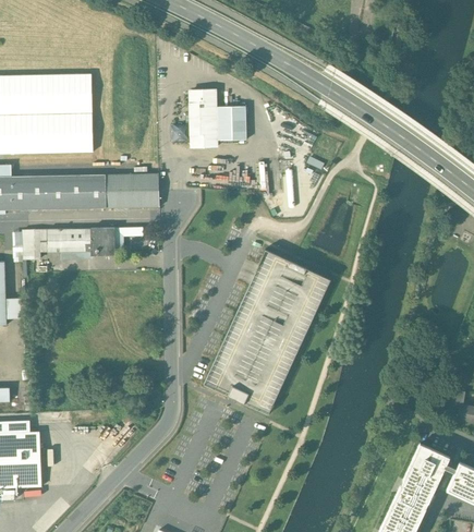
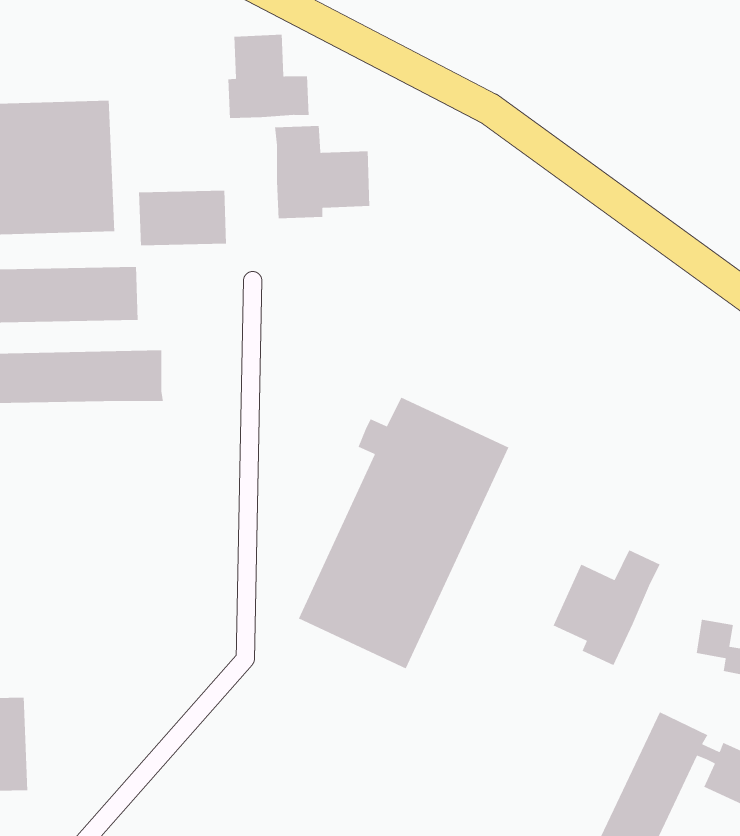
building: none -> [227,34,310,119]
building: [106,173,159,207] -> [138,190,227,246]
building: none -> [552,549,661,666]

